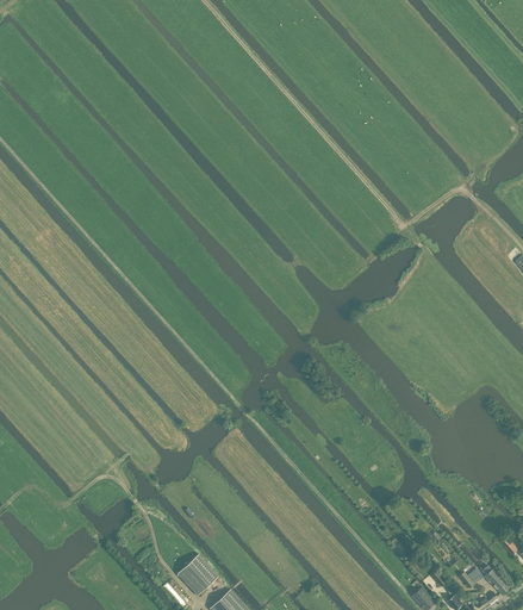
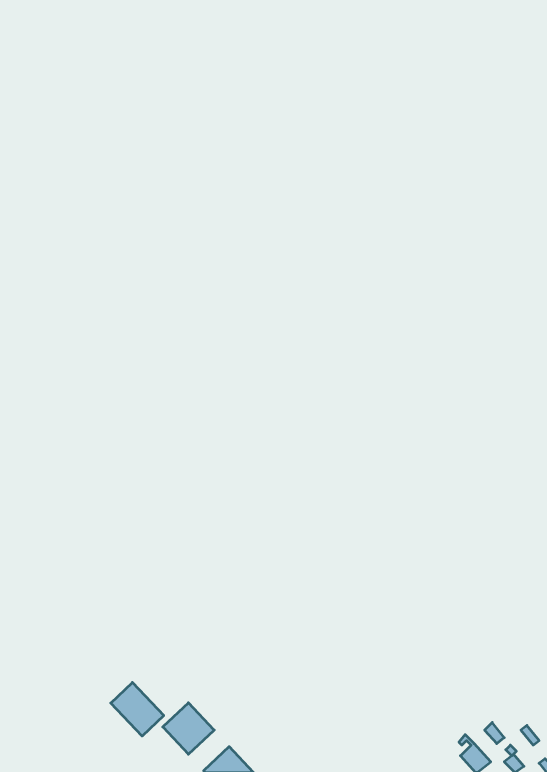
building: none -> [111,682,164,736]

